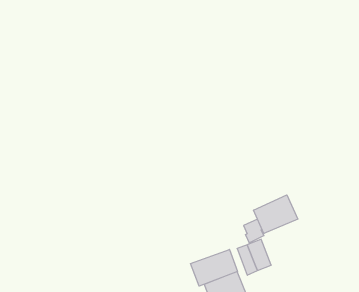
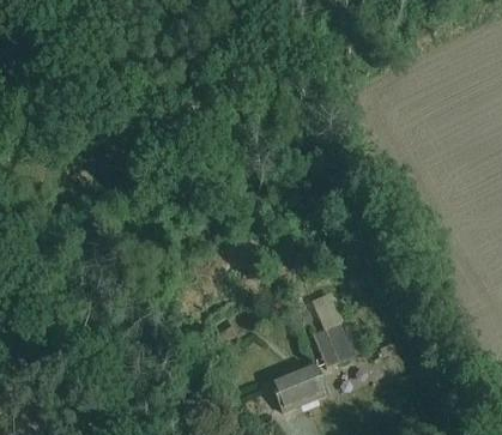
building: [254,195,298,234] -> none
building: [190,249,237,286] -> none

